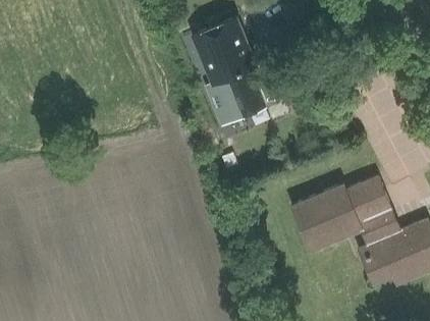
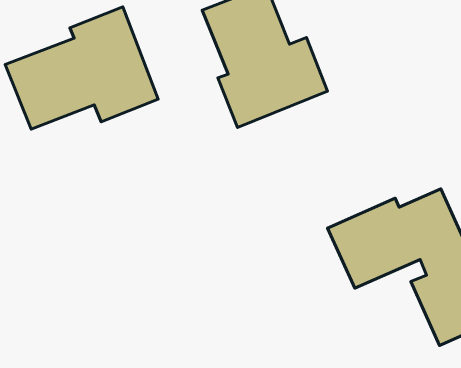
building: none -> [5,7,158,129]

